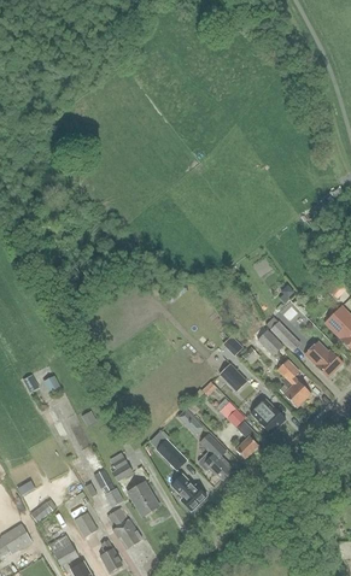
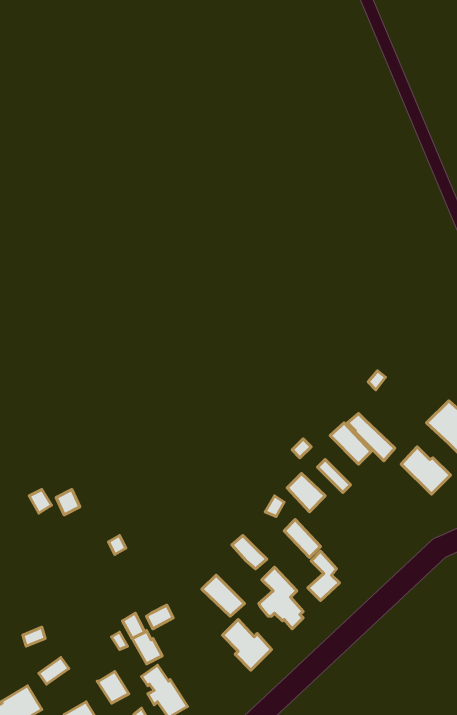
building: [277,359,312,407] -> none
building: [250,398,286,434] -> none
building: [129,482,160,516] -> none

